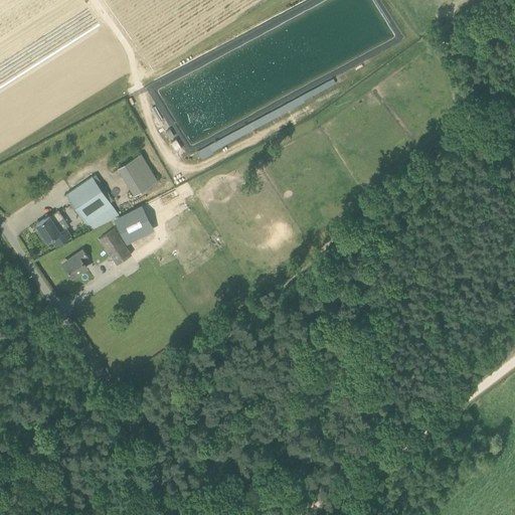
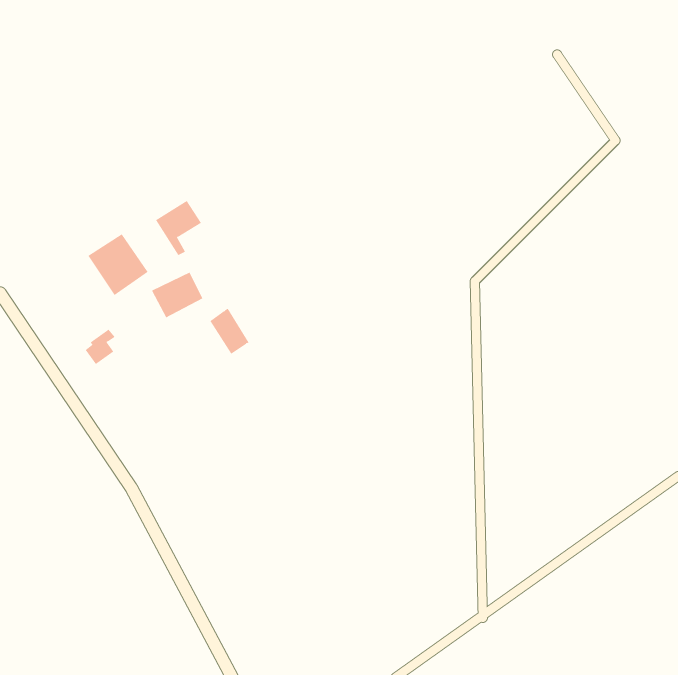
building: [36,213,70,247] -> none
building: [101,230,131,266] -> [210,308,249,354]

